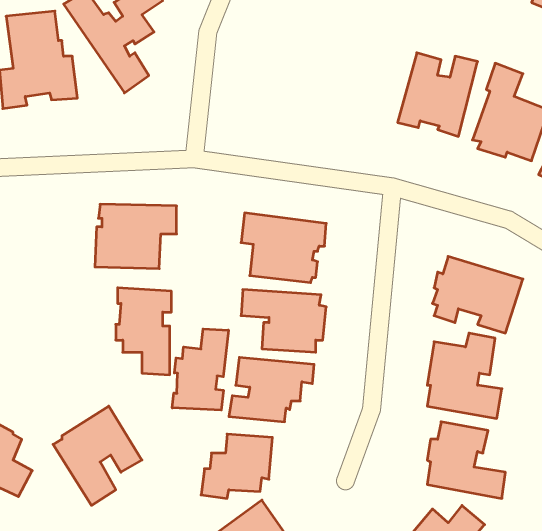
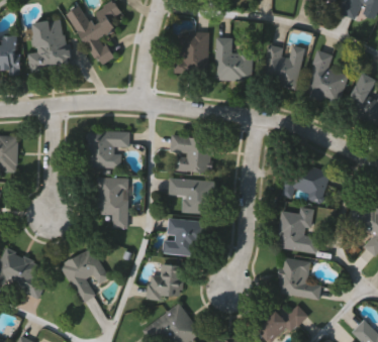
building: none -> [174,28,210,73]
building: none -> [214,34,253,80]
building: [172,329,228,410] -> none

